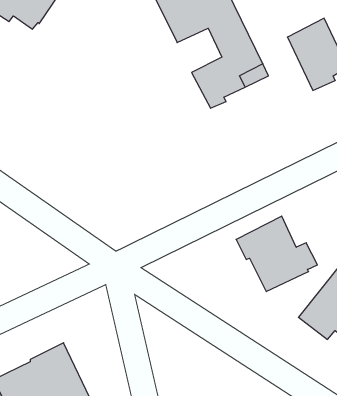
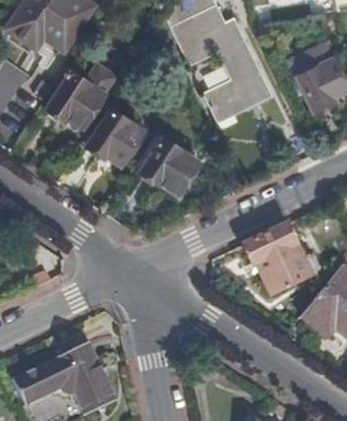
building: none -> [48,65,115,128]
building: none -> [89,109,143,162]
building: none -> [140,137,198,193]

